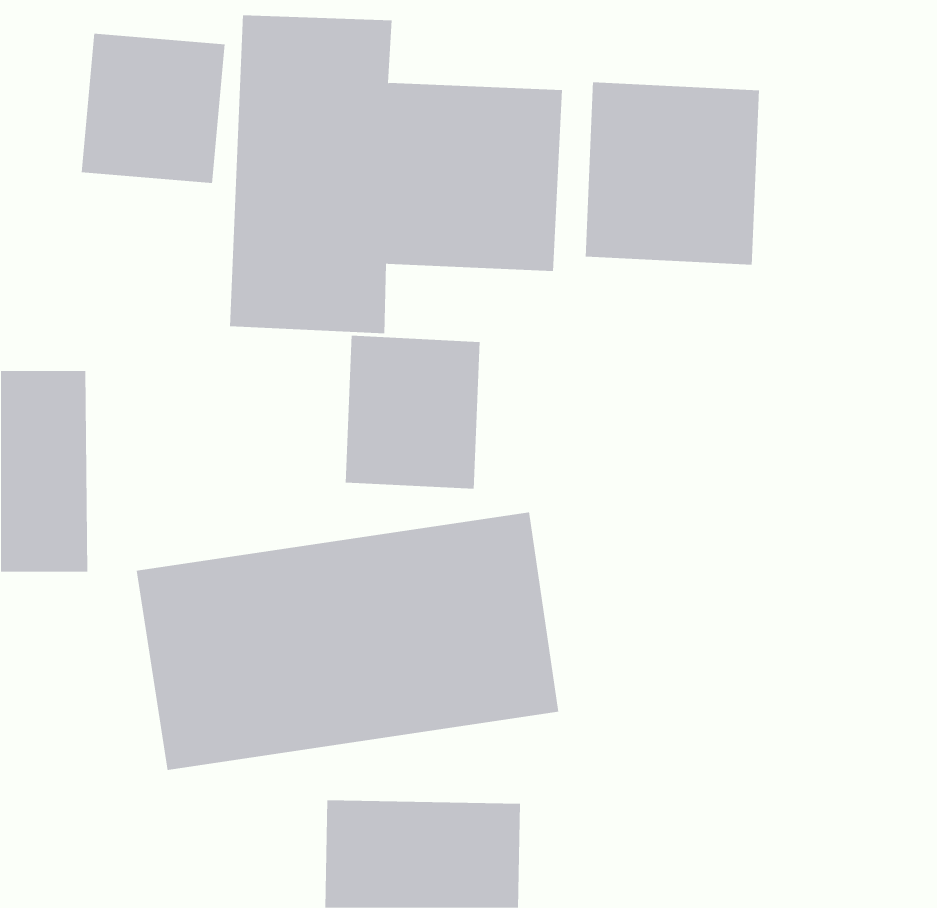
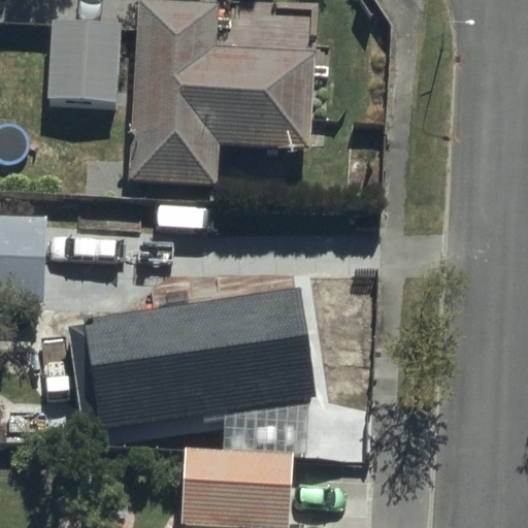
building: [585,82,759,265] -> none
building: [345,335,480,490] -> none

